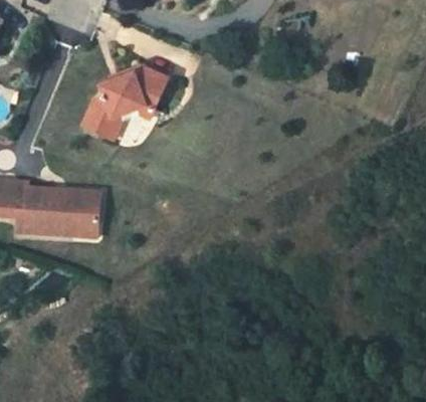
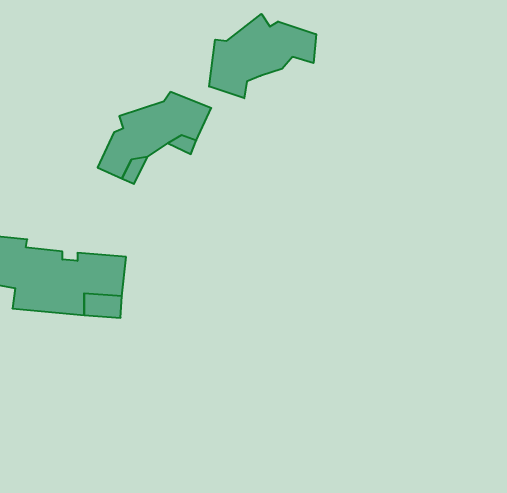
building: none -> [209,14,316,98]

